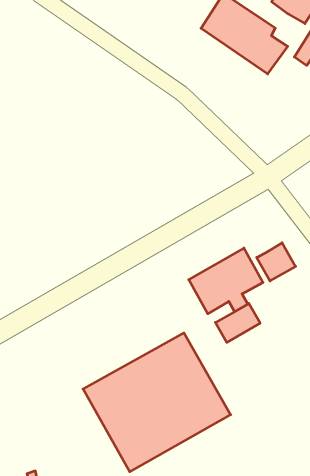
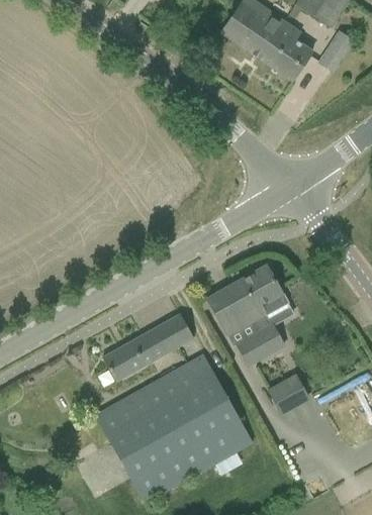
building: [257,243,296,281] -> none
building: none -> [102,313,193,381]
building: none -> [269,376,307,412]

